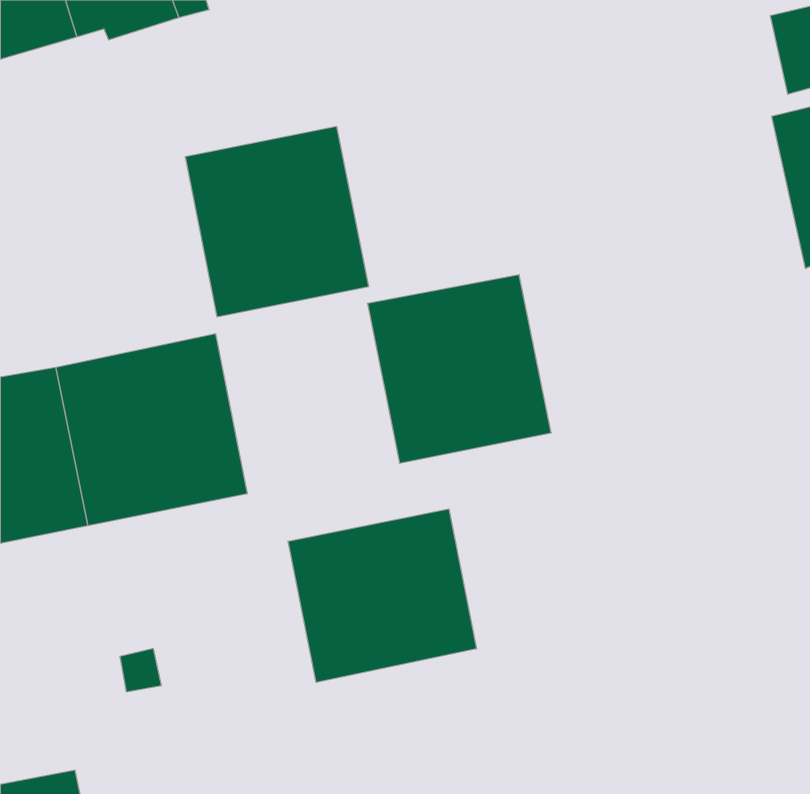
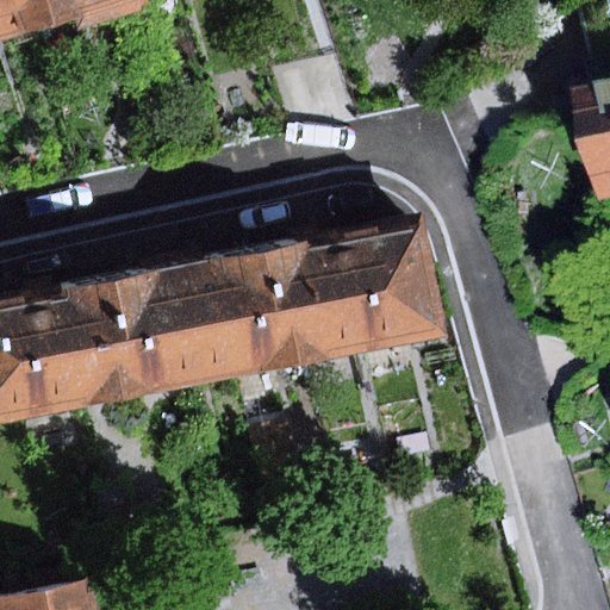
building: [185,127,369,317] -> [166,243,303,385]
building: [288,509,477,682] -> none

